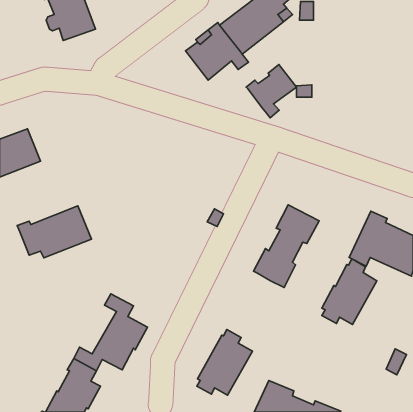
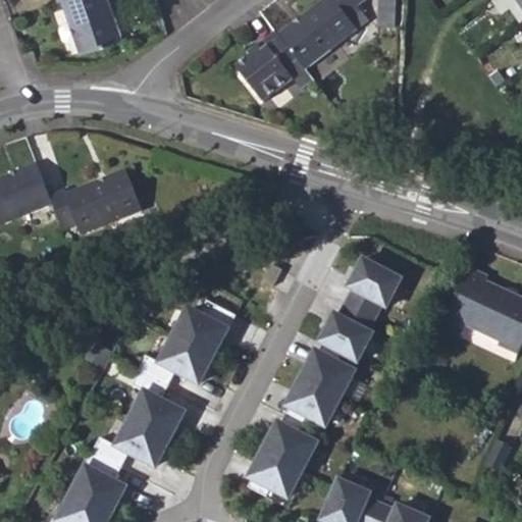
building: [246,64,296,118] -> none
building: [17,206,92,258] -> [47,168,141,233]
building: none -> [140,300,237,385]
building: [322,259,377,324] -> [285,344,355,426]

